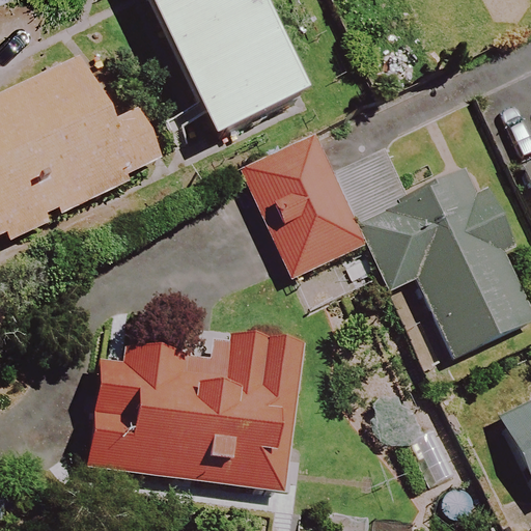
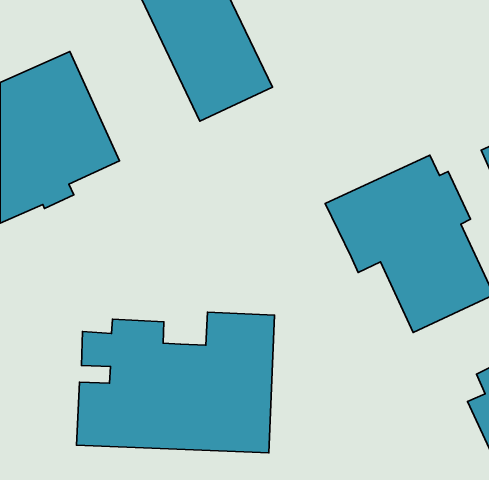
building: [235,130,383,331] -> none

